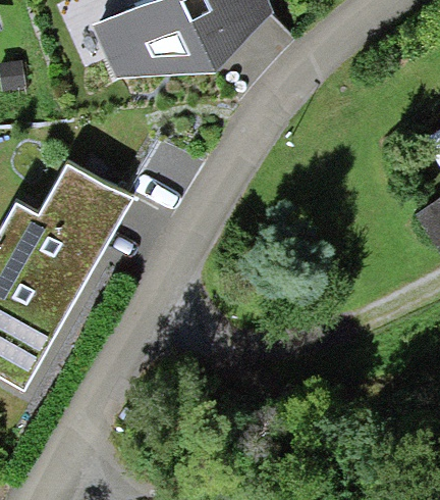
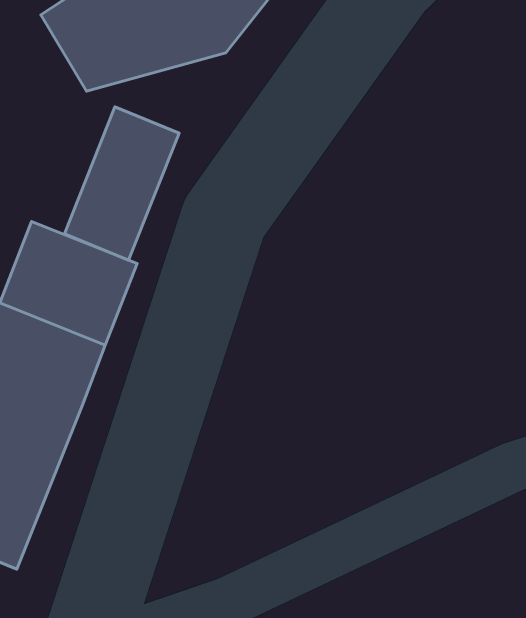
building: none -> [64,107,179,260]

